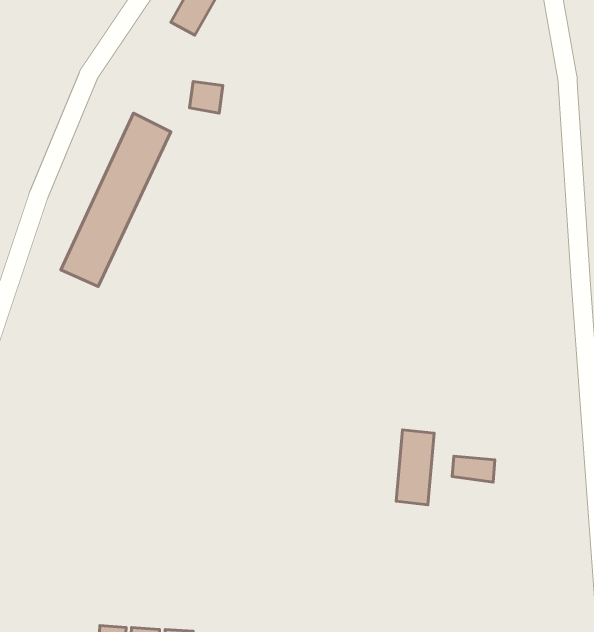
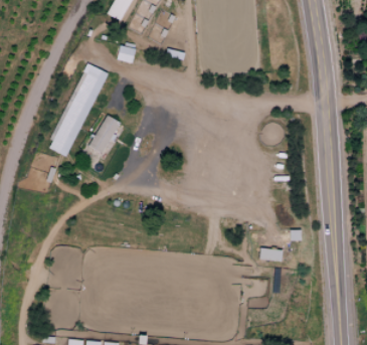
building: none -> [90,115,119,154]
building: [396,430,434,505] -> none

